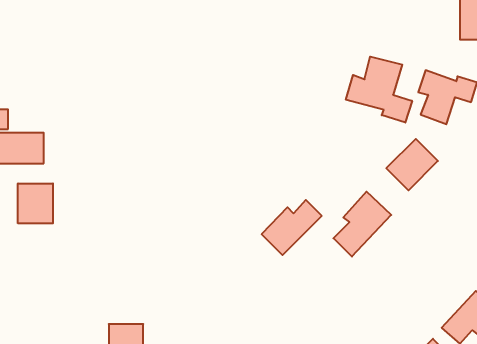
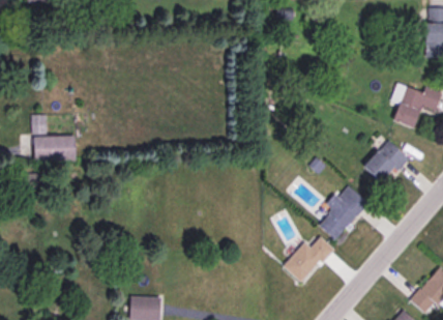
building: [346,57,412,123] -> none
building: [18,183,53,223] -> none
building: [262,200,322,255] -> [284,236,334,283]

